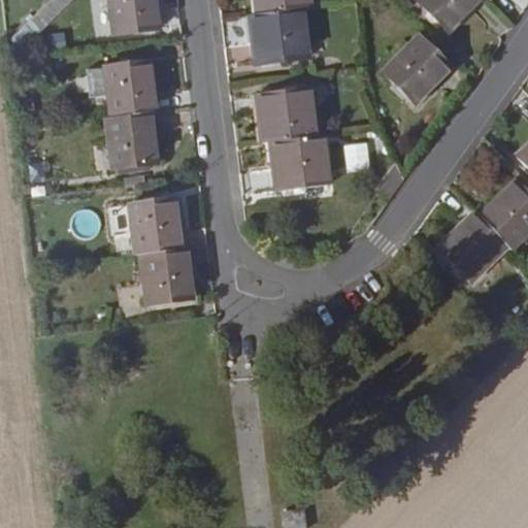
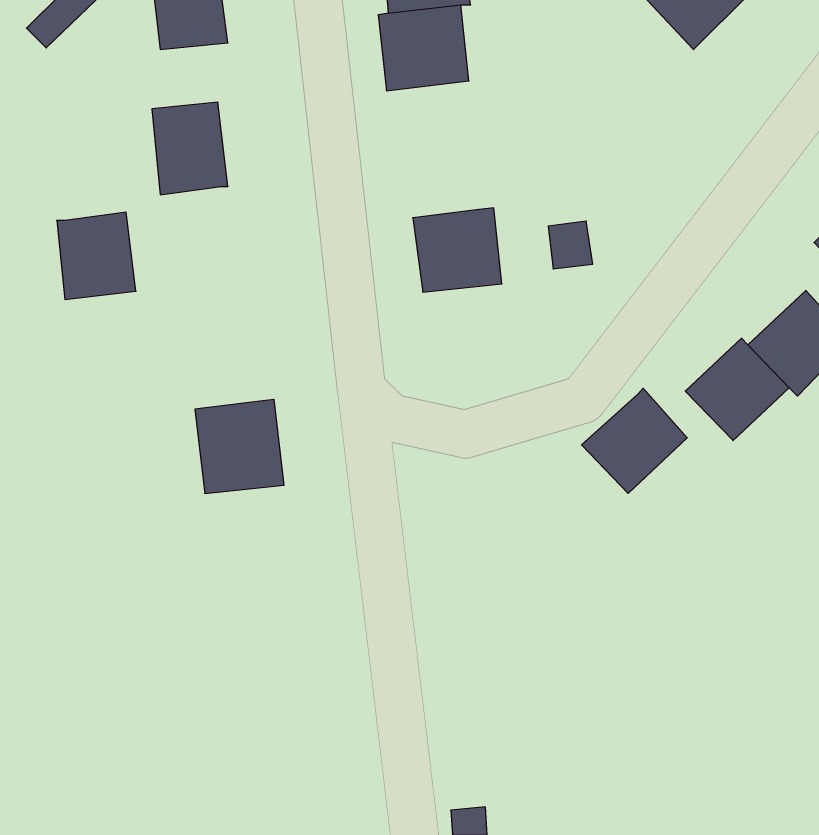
building: [385,40,448,103] -> none
building: [260,80,315,137] -> none
building: [110,117,160,171] -> [57,212,136,300]
building: [125,201,179,257] -> none
building: none -> [582,388,687,493]

